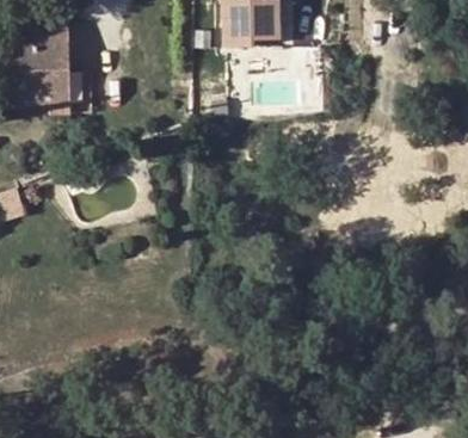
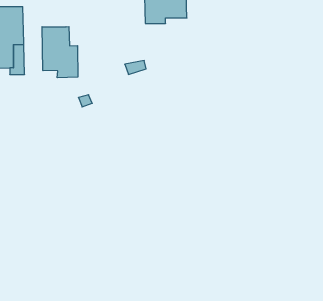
building: none -> [42,27,78,78]

